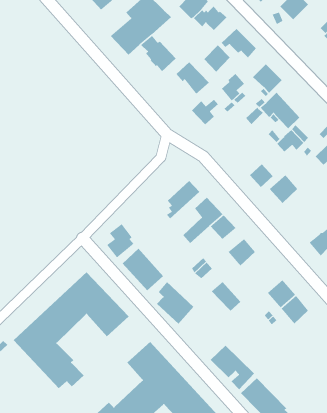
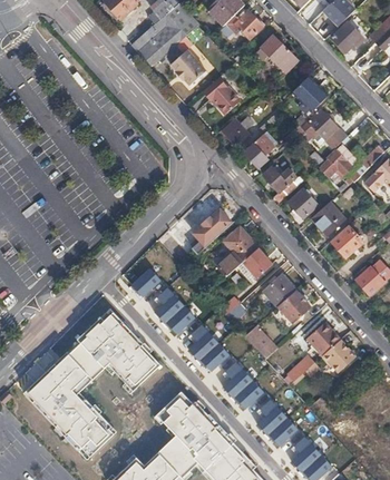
building: none -> [334,21,365,51]
building: [204,45,231,72] -> none
building: [221,73,245,101] -> [245,135,273,167]
building: none -> [264,167,298,203]
building: none -> [333,227,363,257]
building: none -> [280,290,312,323]
building: none -> [213,357,261,409]

